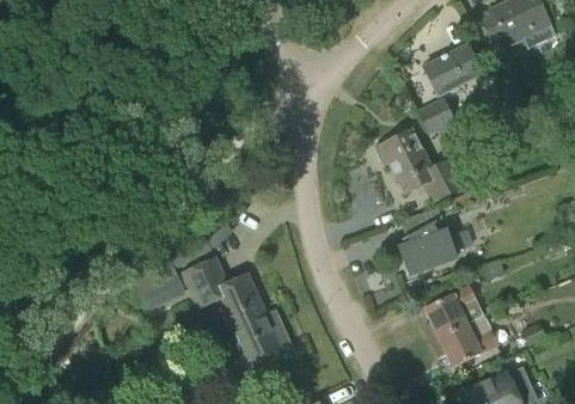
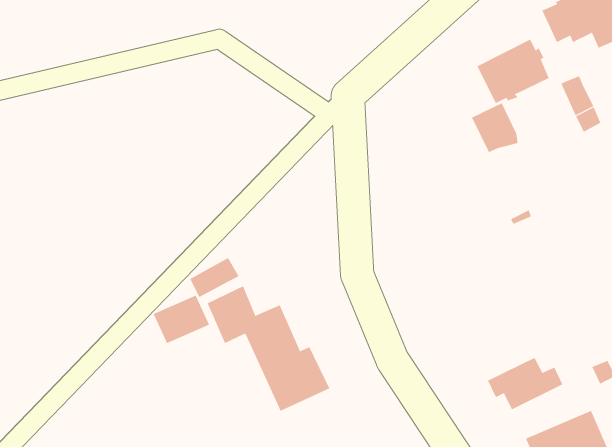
building: [374,126,469,202] -> none
building: [399,206,455,271] -> none
building: [423,284,477,341] -> none

